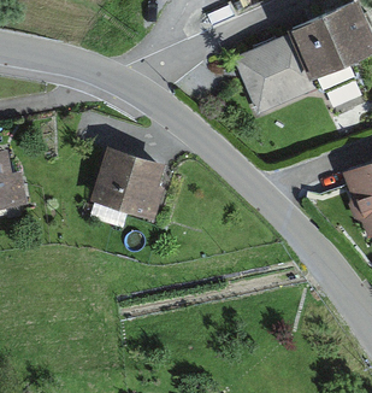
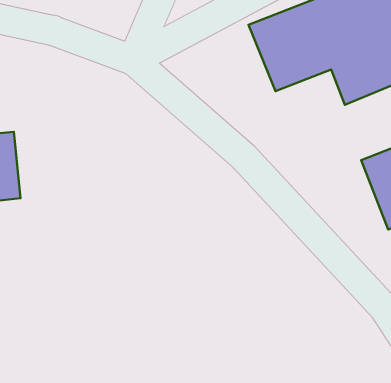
building: [94,147,176,225] -> none

